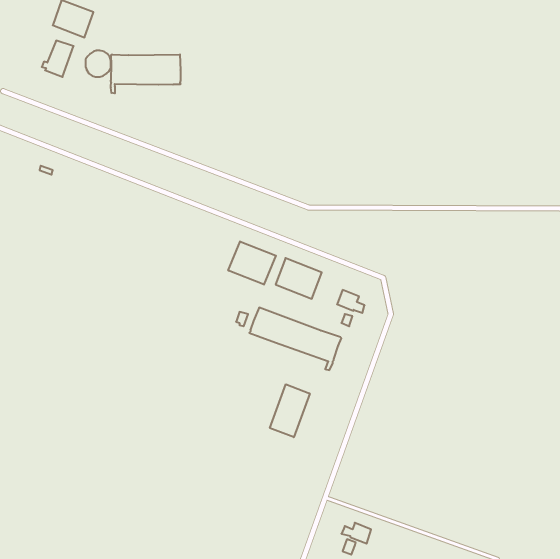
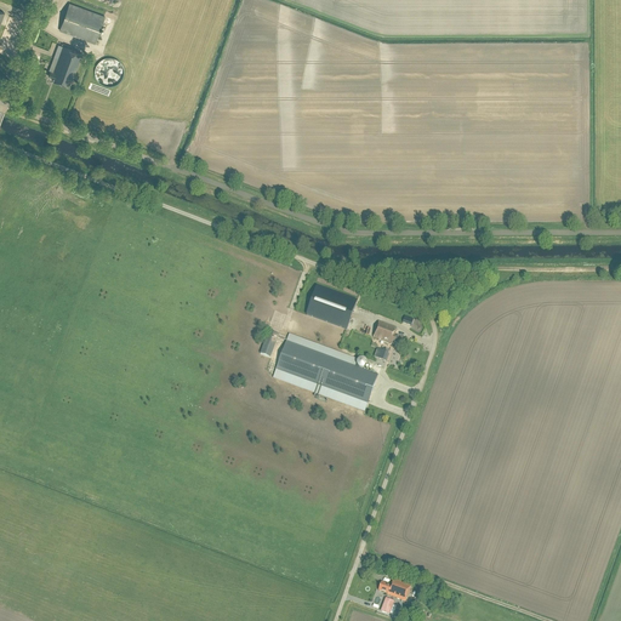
building: [111,54,181,93] -> none
building: [228,241,276,285] -> none
building: [270,384,310,437] -> none

